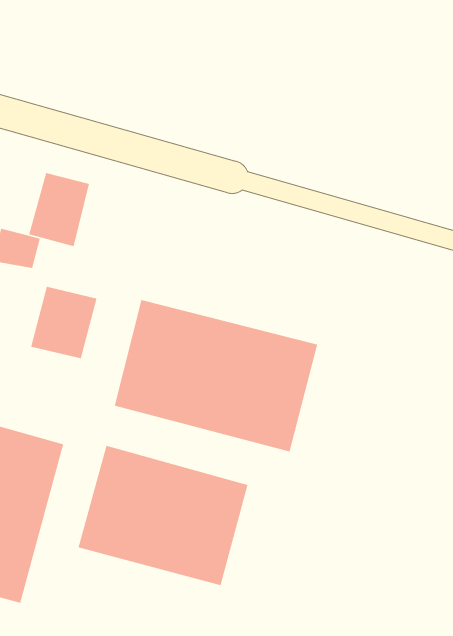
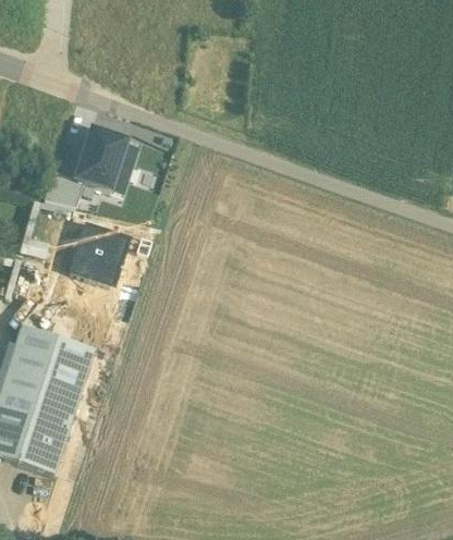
building: [114,299,318,453] -> none
building: [78,445,249,586] -> none

